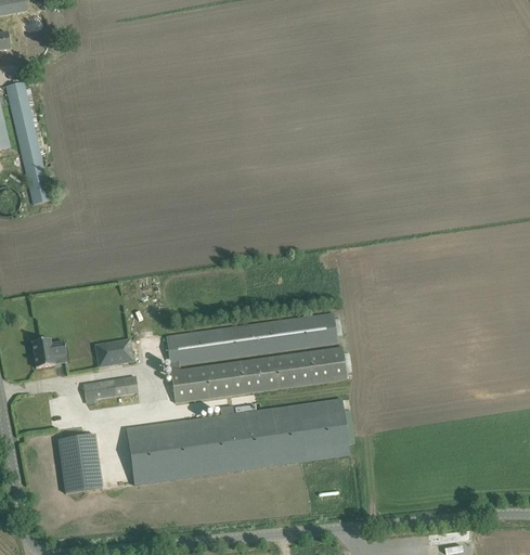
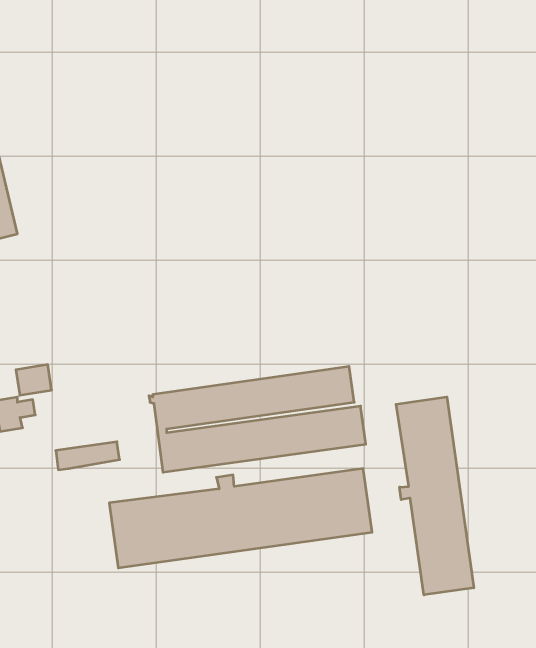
building: none -> [396,397,474,595]
building: [102,339,132,365] -> [16,365,52,395]
building: [57,434,101,493] -> none

